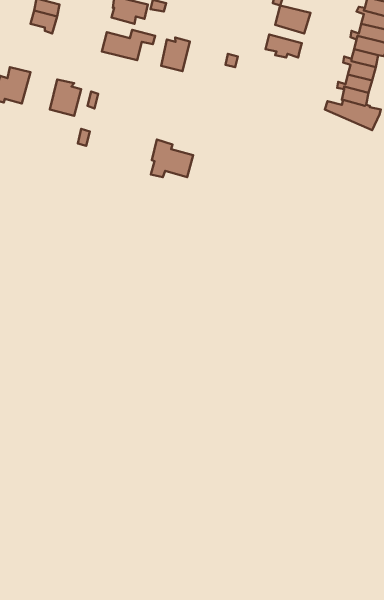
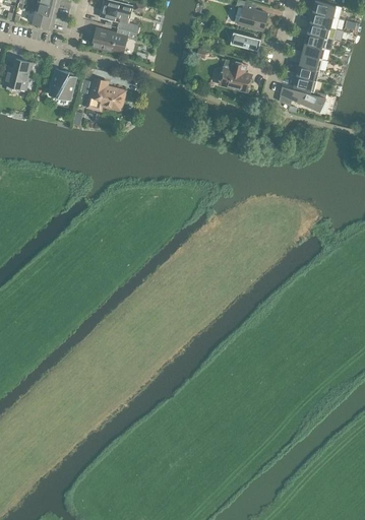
building: [161,38,190,71] -> none
building: none -> [218,59,251,90]
building: [151,140,193,177] -> [88,77,124,109]

